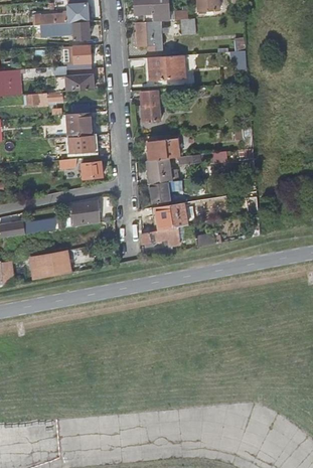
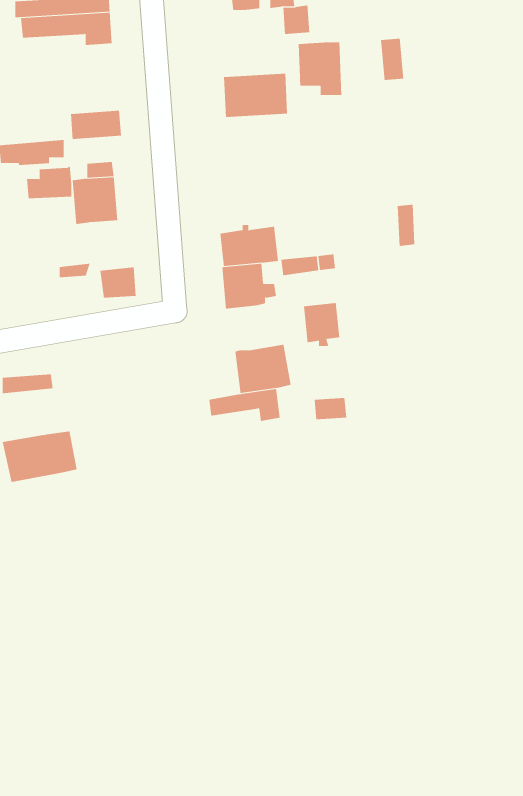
building: [136,21,160,50] -> [298,42,342,95]
building: [71,45,91,68] -> none
building: [141,92,159,123] -> none
building: [68,135,94,153] -> [26,166,72,199]
building: [149,182,169,206] -> [303,302,340,347]
building: [70,201,99,226] -> none

